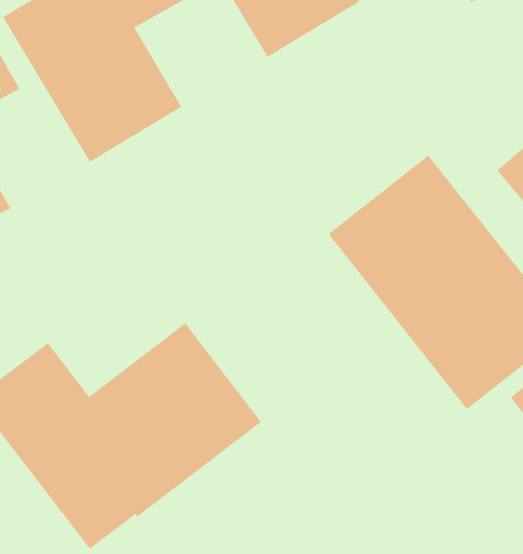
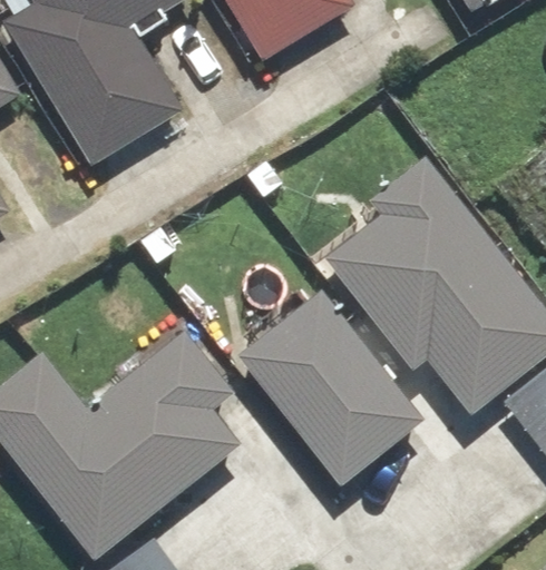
building: none -> [238,291,420,481]

